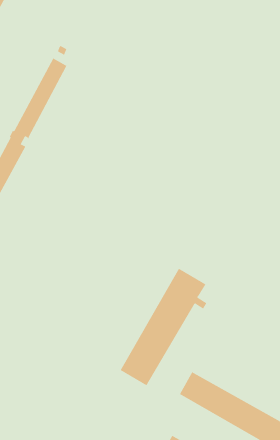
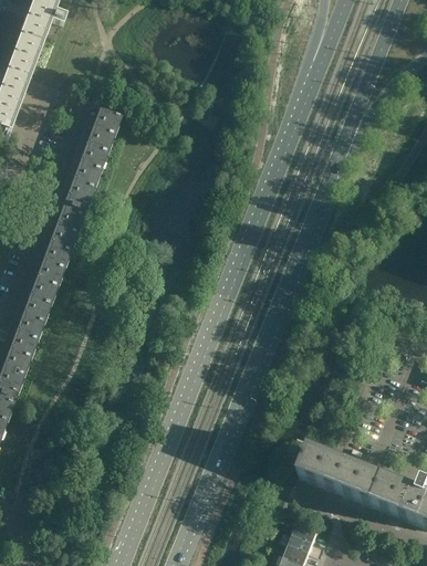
building: [120,268,207,386] -> none

